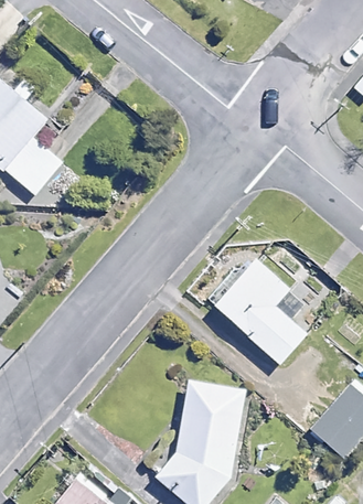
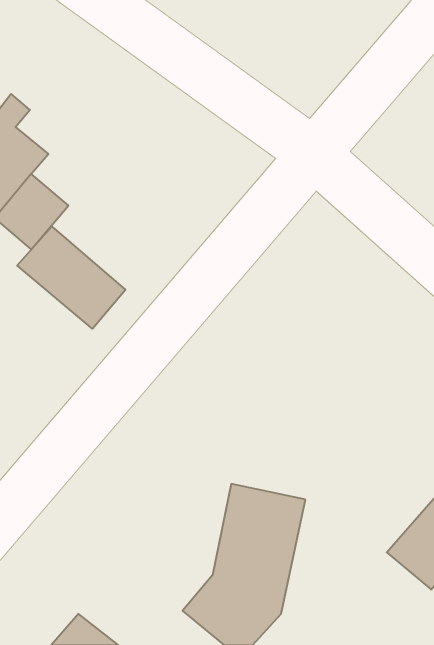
building: none -> [17,227,125,329]
building: [205,249,309,366] -> none

